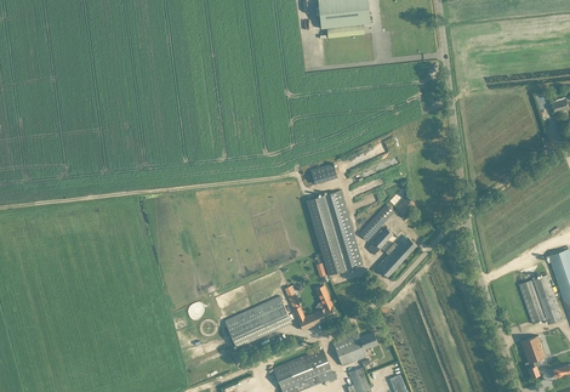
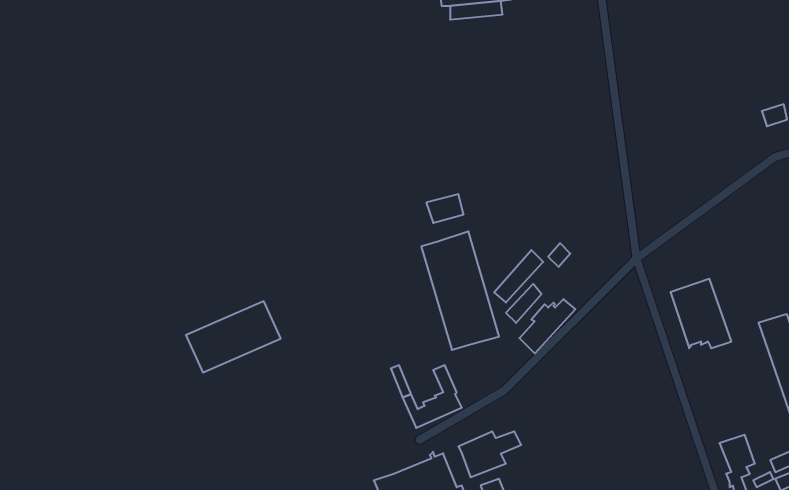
building: [518,274,562,324] -> [670,279,731,348]
building: [223,296,291,347] -> [186,301,281,372]

